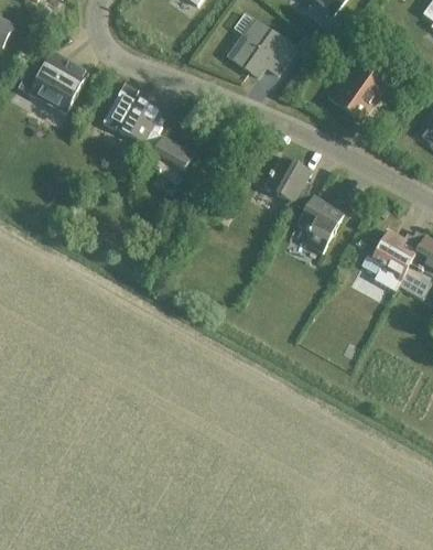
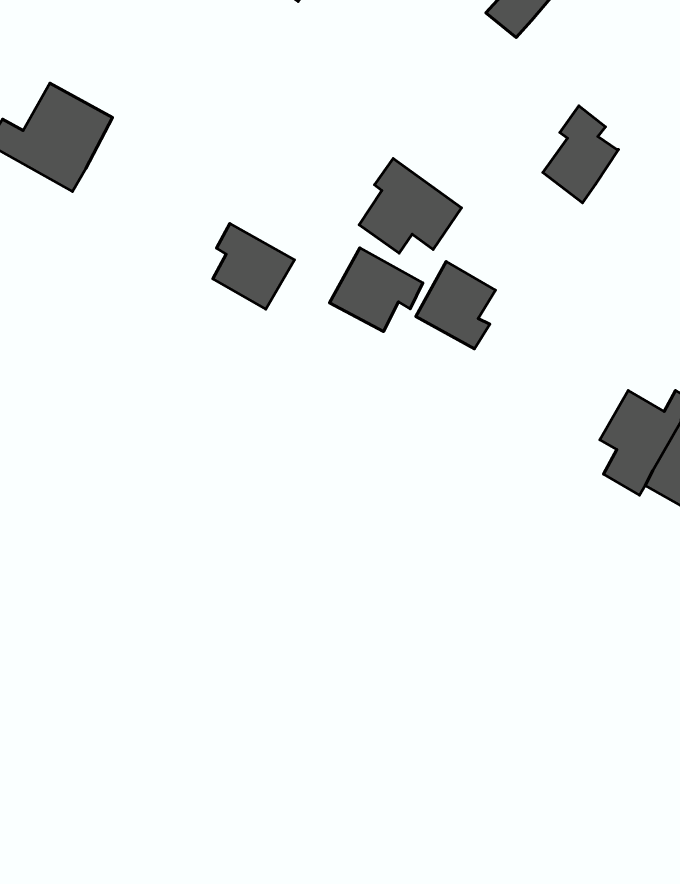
building: [235,20,294,75] -> [359,158,462,253]
building: [102,89,161,147] -> none
building: none -> [329,248,423,331]
building: [296,191,344,251] -> none

